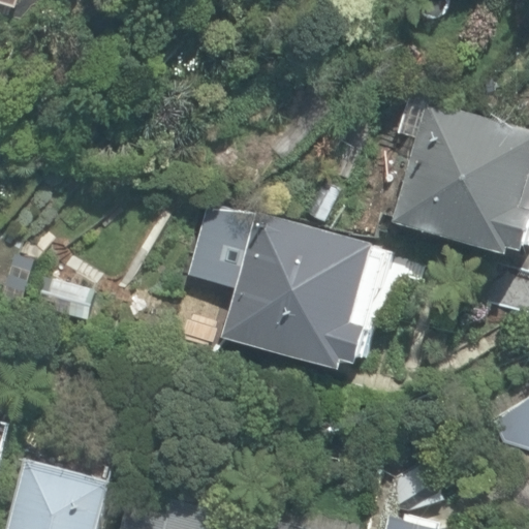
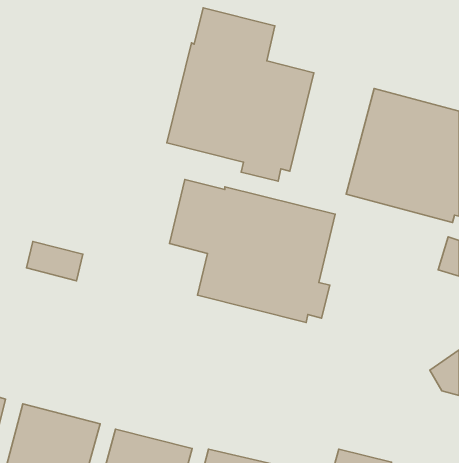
building: none -> [167,8,314,181]

